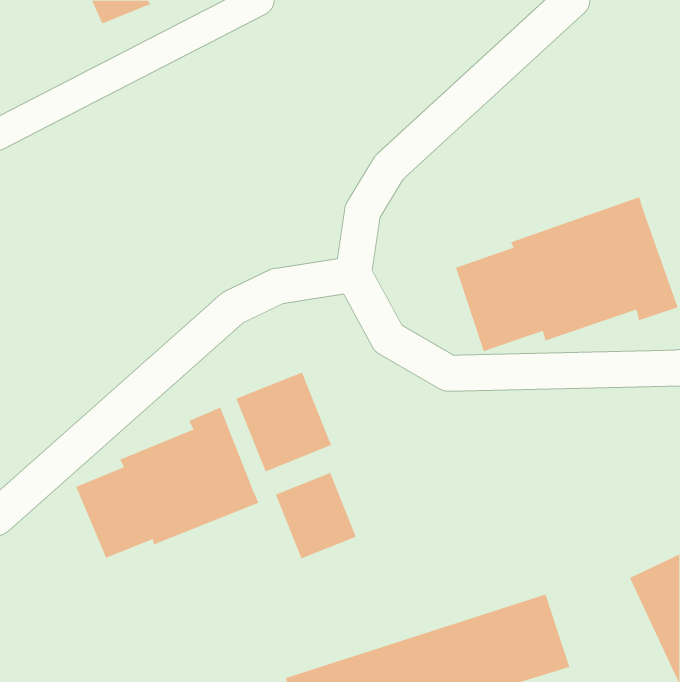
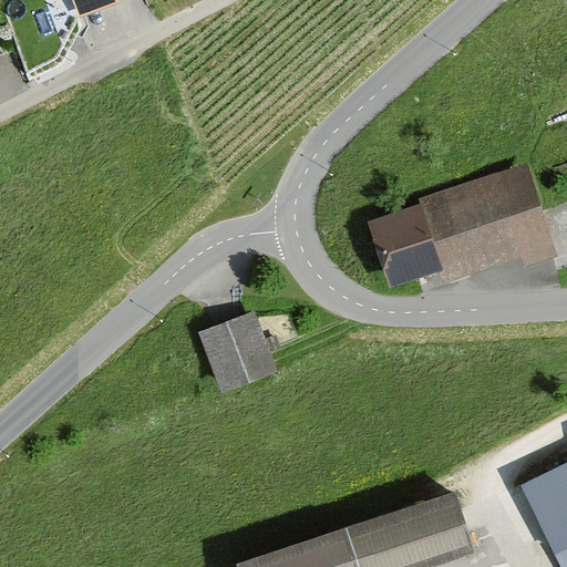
building: [76,407,259,559] -> none
building: [275,472,356,559] -> none

